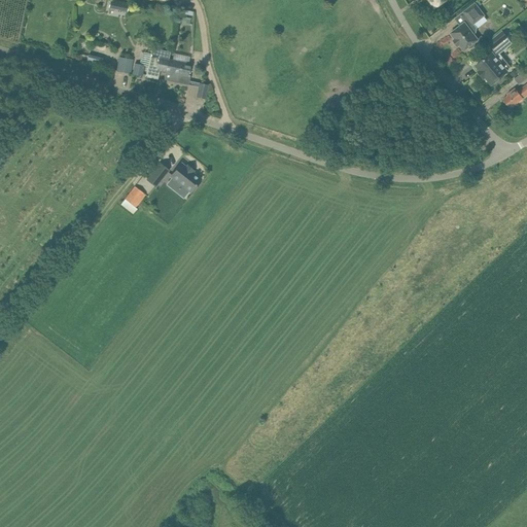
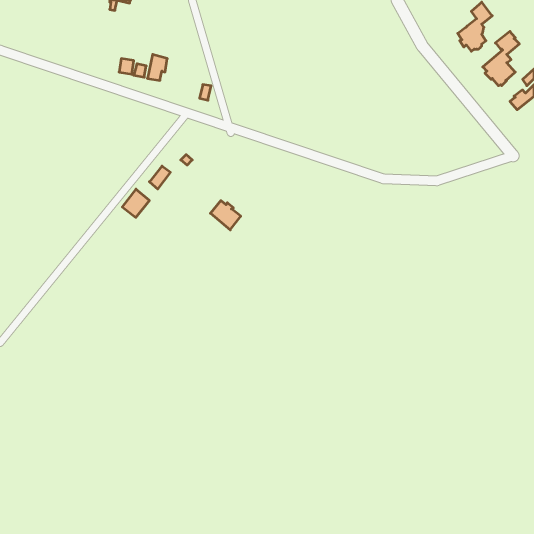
building: [163,58,190,84] -> none
building: [171,164,201,192] -> [210,201,241,230]

